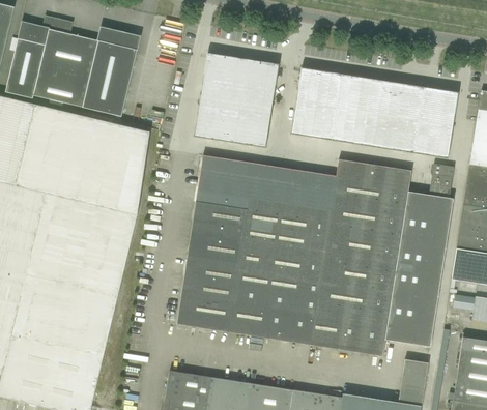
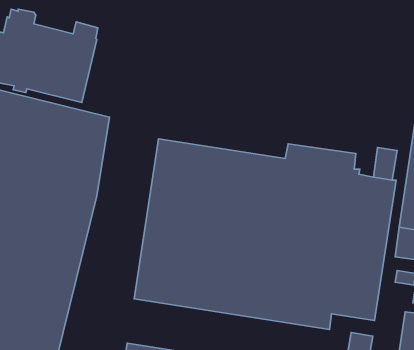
building: [194,53,279,147] -> none
building: [290,67,458,158] -> none

